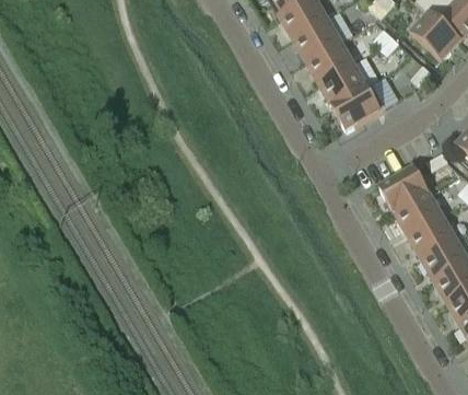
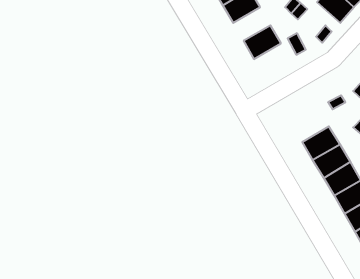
building: [306,40,353,83] -> none
building: [332,82,386,129] -> none
building: [381,167,428,211] -> none

